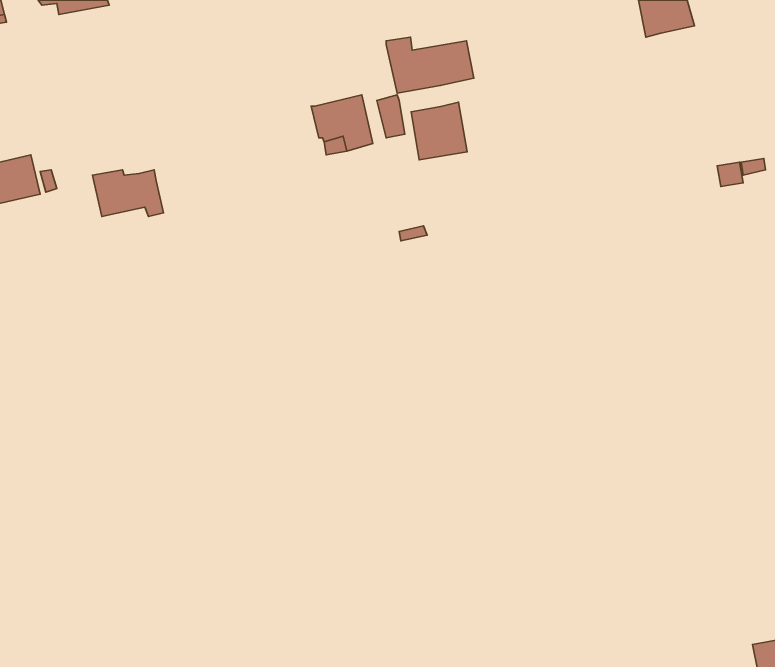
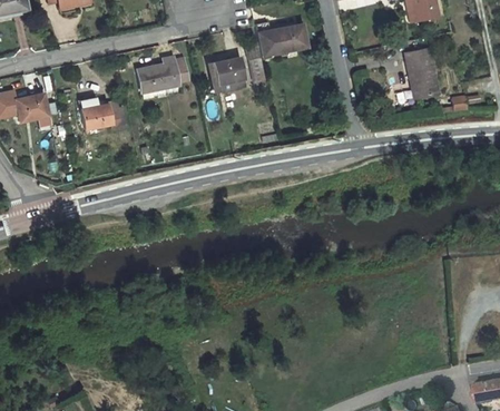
building: none -> [404,49,438,98]
building: none -> [136,57,186,92]
building: [411,102,467,160] -> none

